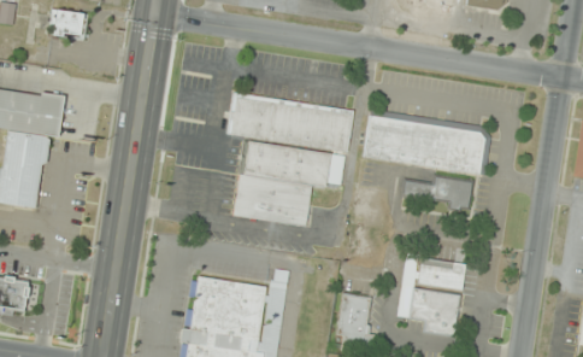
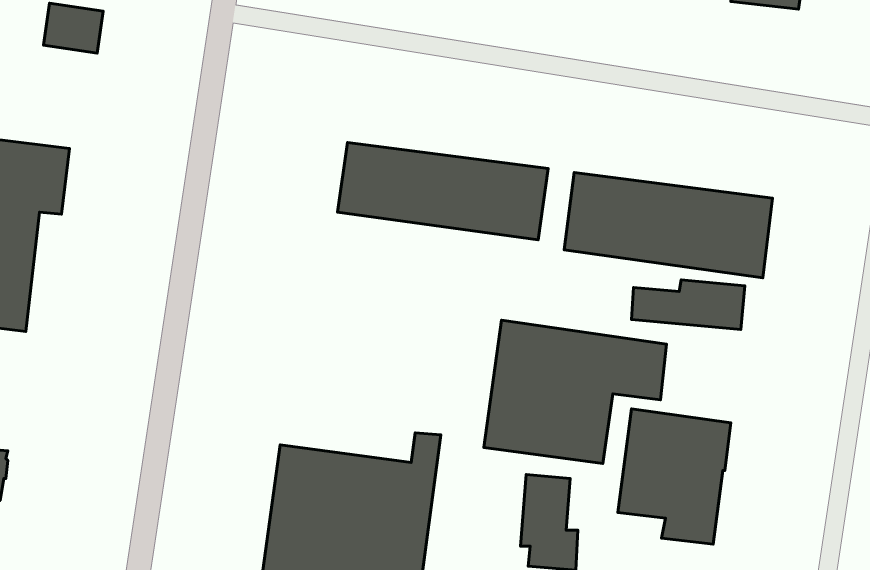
building: [234,140,344,227] -> [484,320,667,463]

